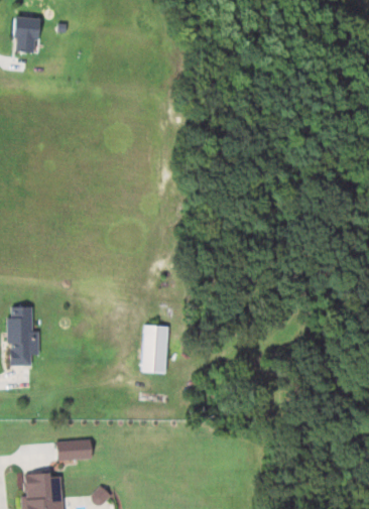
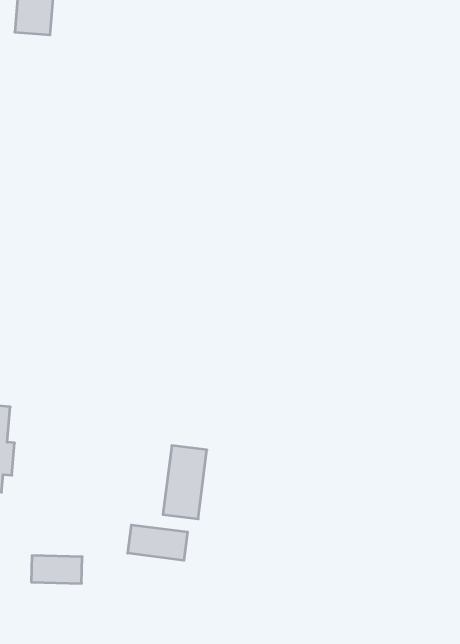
building: none -> [128,525,188,560]
building: [55,439,91,460] -> [31,556,82,583]

